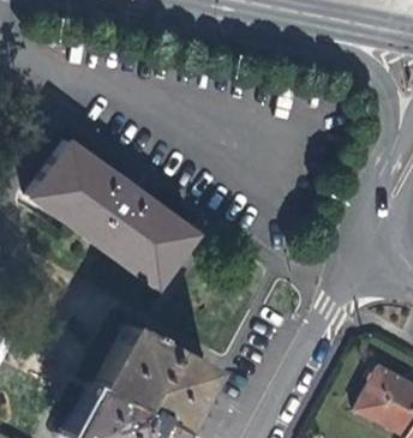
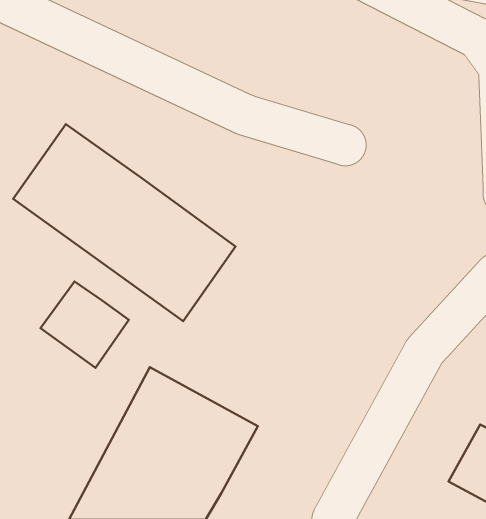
building: none -> [40,281,129,368]

